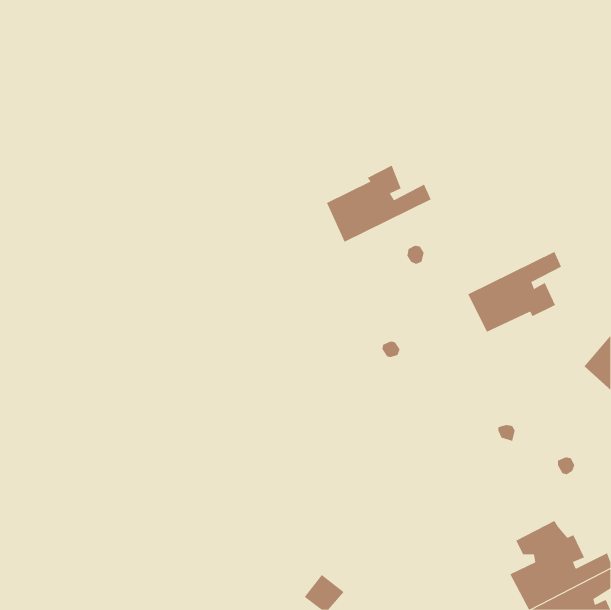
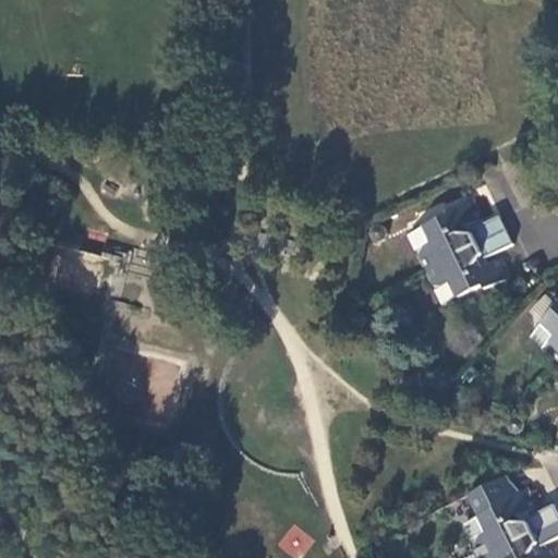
building: [326,165,432,242] -> [410,197,506,268]

